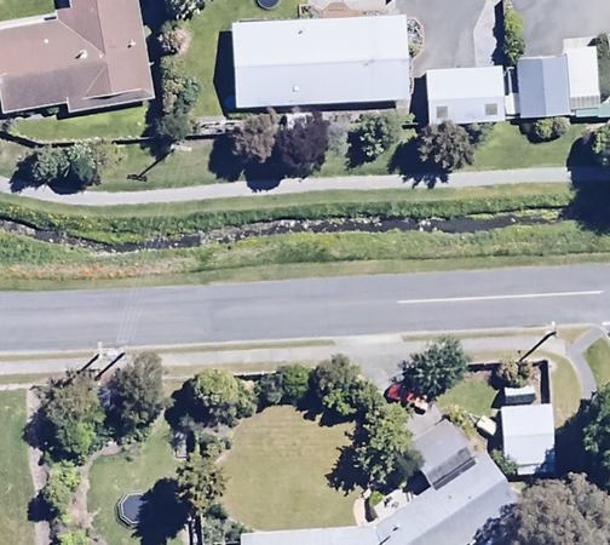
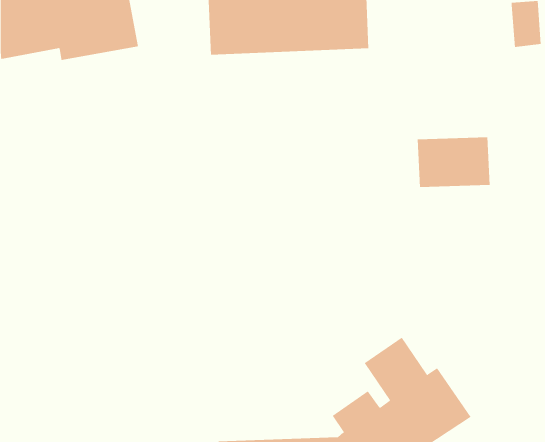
building: [514,52,570,117] -> none
building: [425,68,506,124] -> [417,137,491,187]
building: [501,403,556,474] -> none

